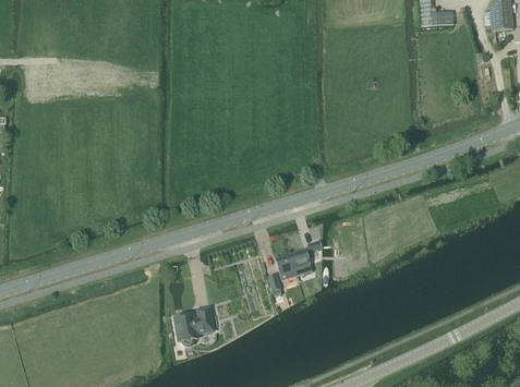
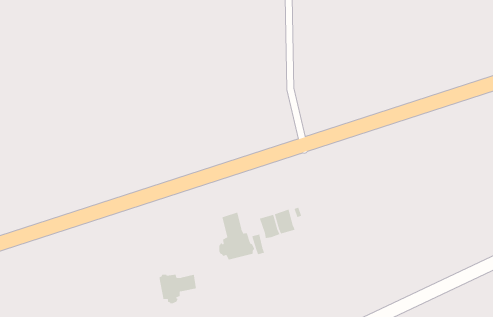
building: none -> [218,212,255,261]

